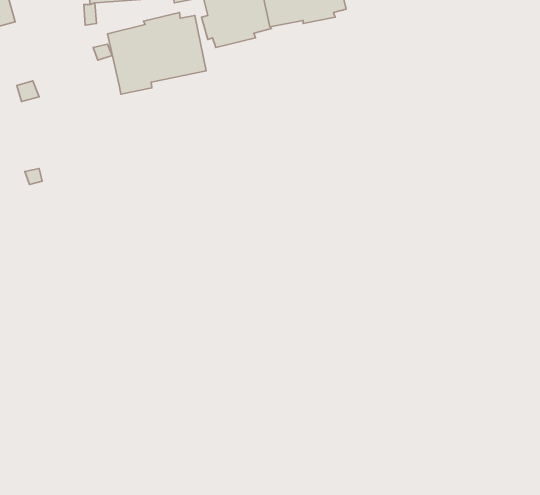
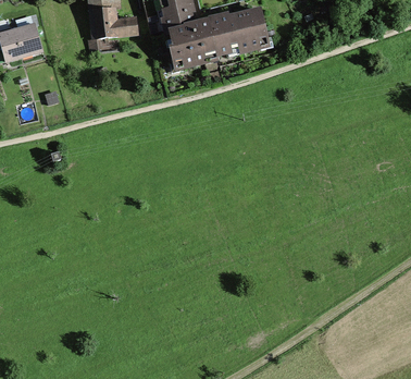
building: [107,12,206,94] -> none

